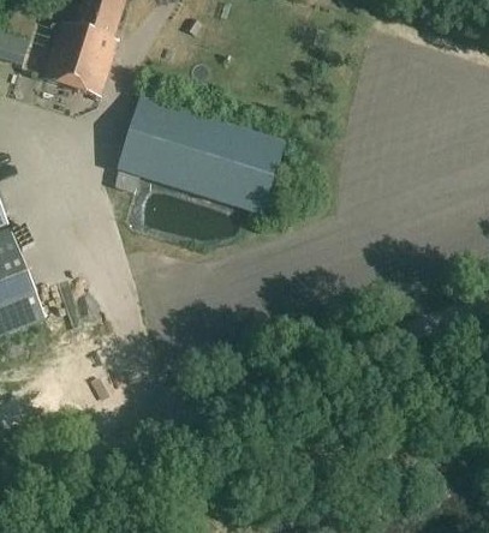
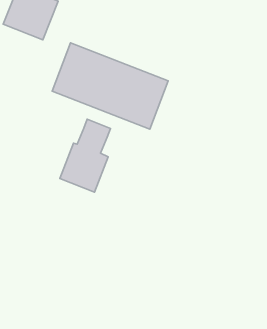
building: none -> [60,119,111,192]

